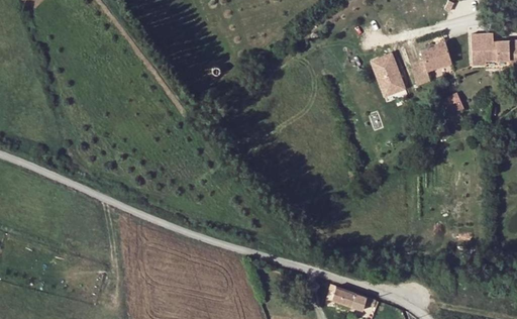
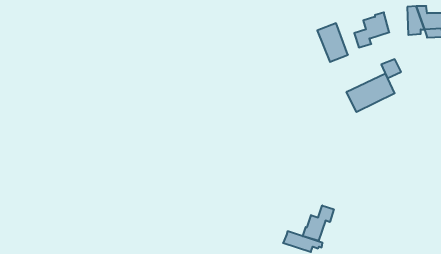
building: none -> [347,74,395,112]
building: none -> [303,205,334,241]

